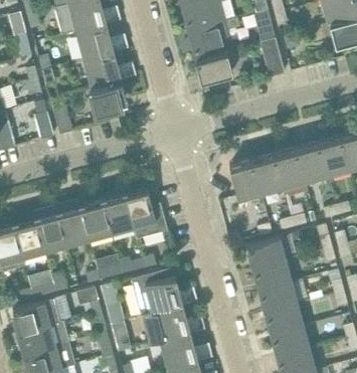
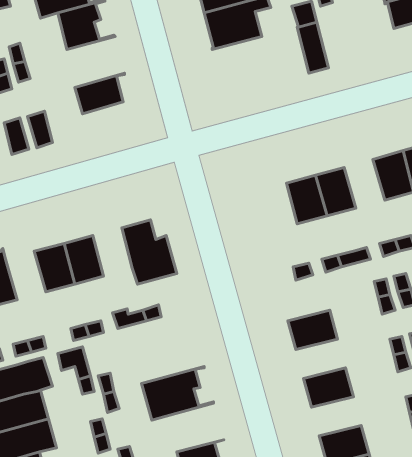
building: [83,49,128,88] -> none
building: [195,49,233,79] -> none
building: [297,144,328,181] -> none
building: [230,162,260,199] -> none
building: [104,196,134,233] -> none
building: [36,214,67,251] -> none
building: [247,237,286,267] -> none
building: [131,267,189,316] -> none
building: [259,282,298,312] -> none
building: [272,326,310,356] -> none
building: [160,331,204,368] -> none

